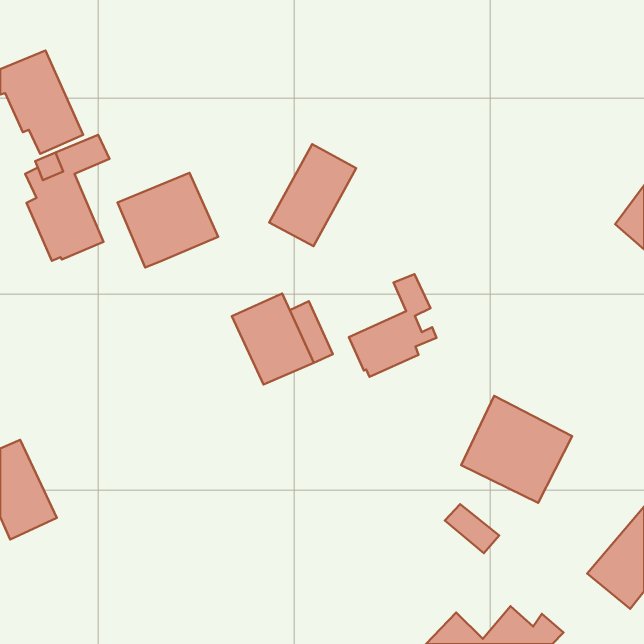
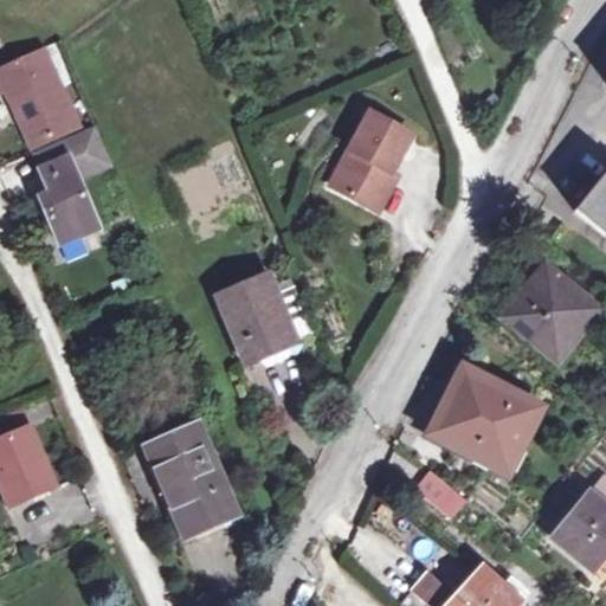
building: [269,144,356,246] -> [329,115,411,211]
building: [117,173,218,268] -> none
building: [349,274,436,377] -> none
building: none -> [504,265,600,362]
building: none -> [140,414,232,531]

